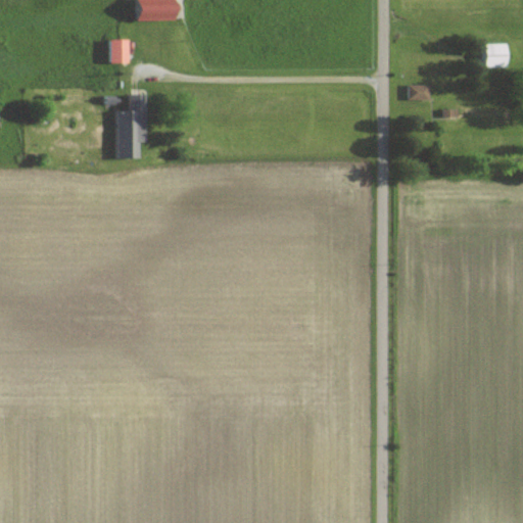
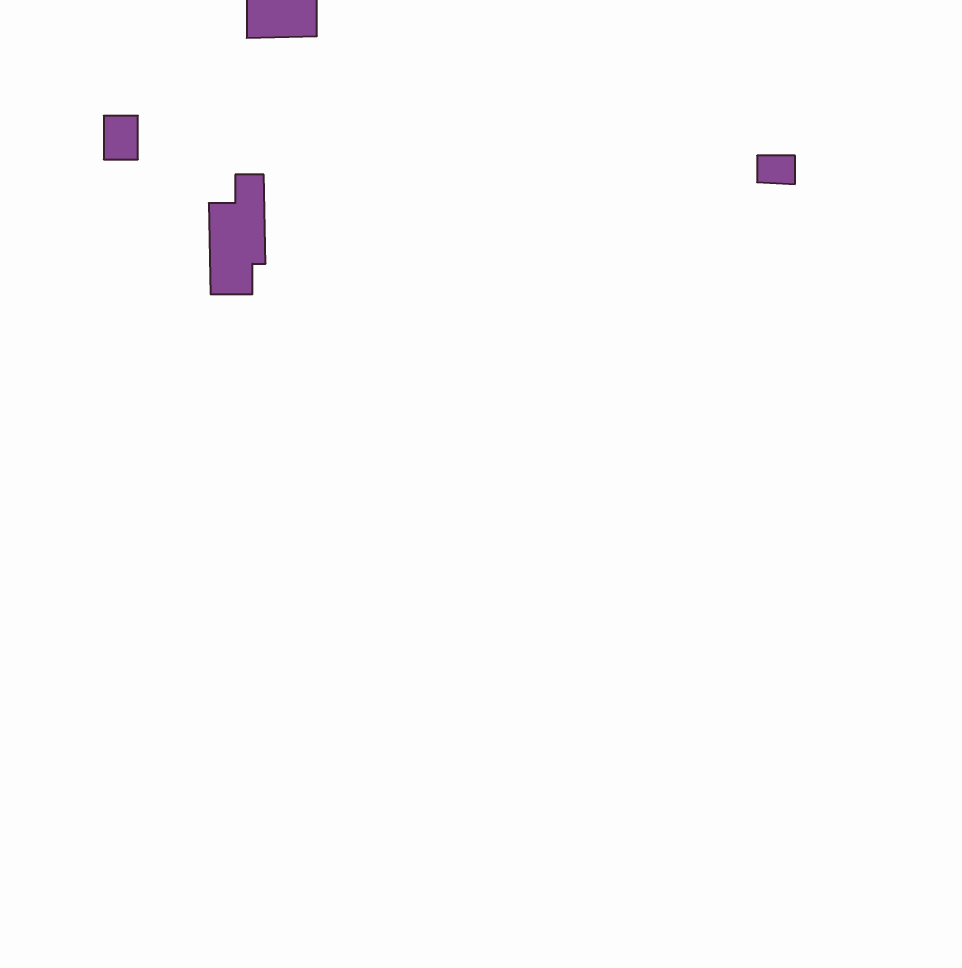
building: [111,39,130,62] -> [104,116,138,159]
building: [486,42,509,67] -> none

